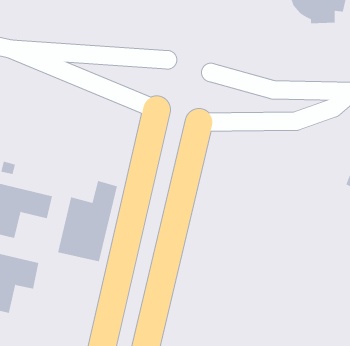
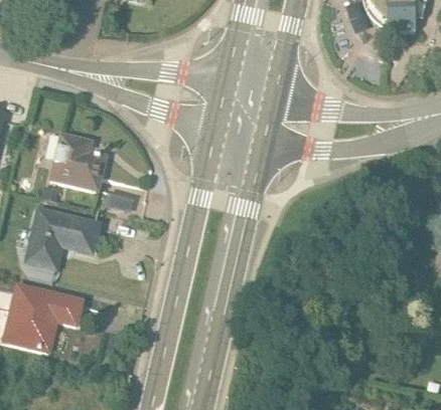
building: none -> [51,135,106,189]
building: [57,180,118,262] -> none

